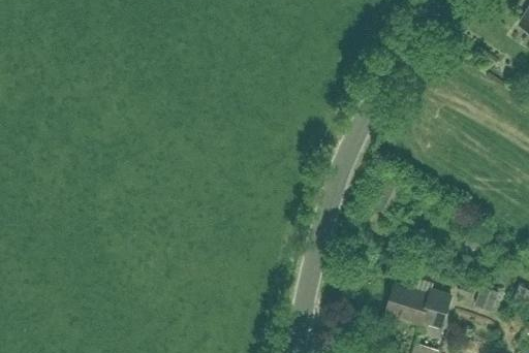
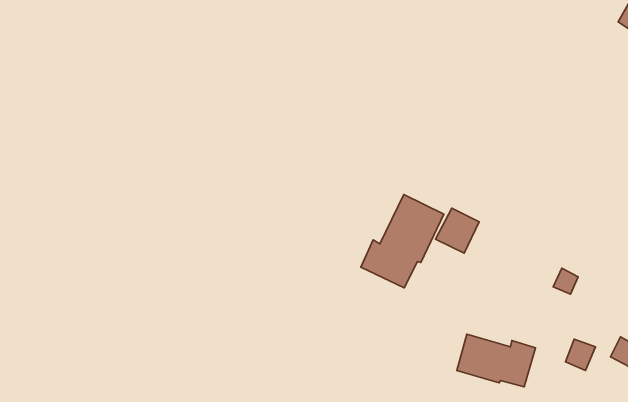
building: none -> [361,194,444,288]

